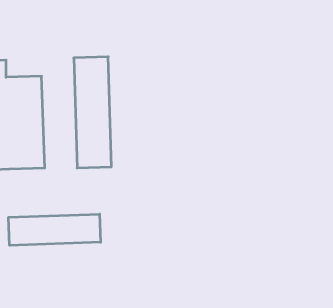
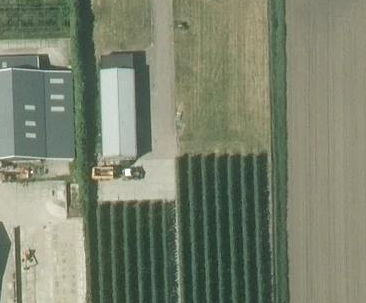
building: [9,214,101,245] -> none

